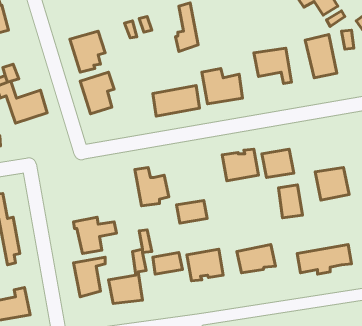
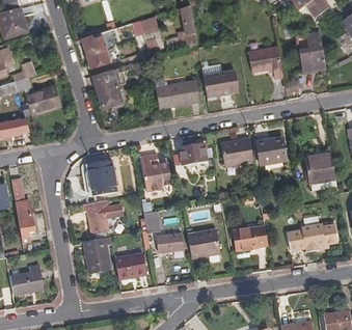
building: none -> [81,160,117,197]
building: [278,185,303,218] -> none
building: [176,200,207,223] -> [179,143,207,164]

